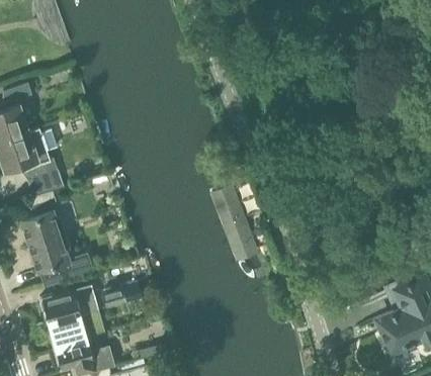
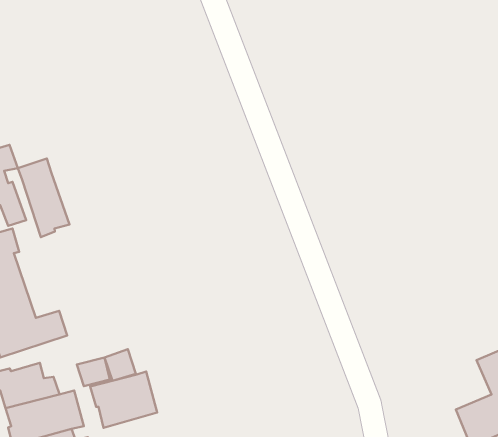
building: none -> [18,158,69,237]
building: [223,197,261,266] -> none
building: none -> [90,371,157,428]

